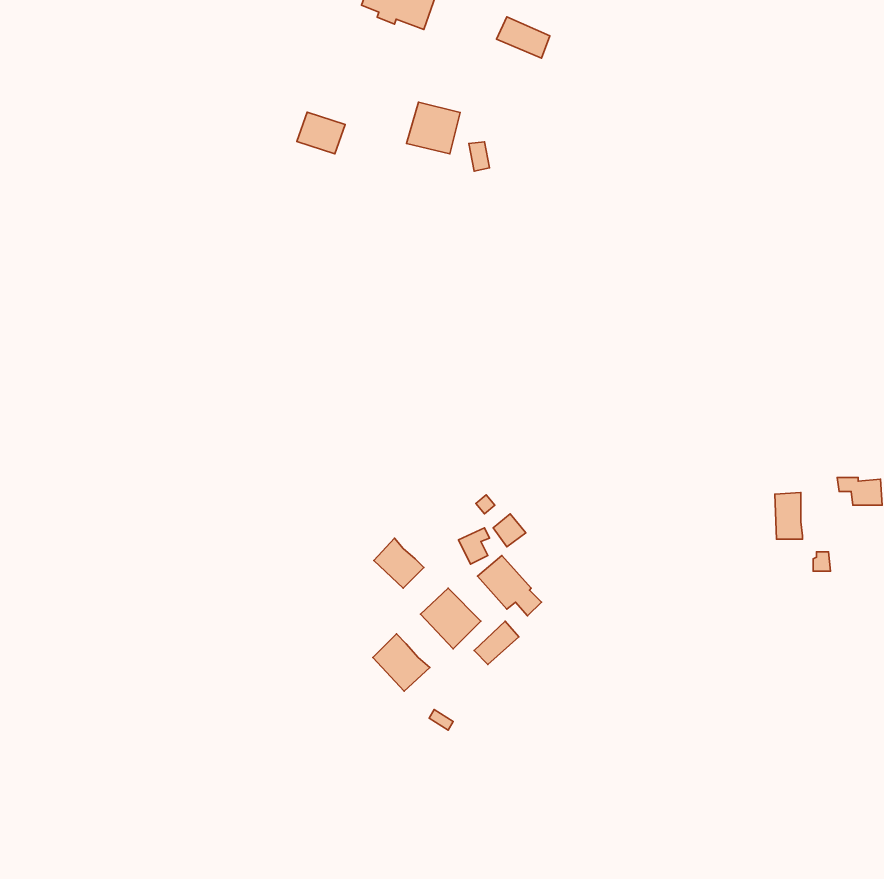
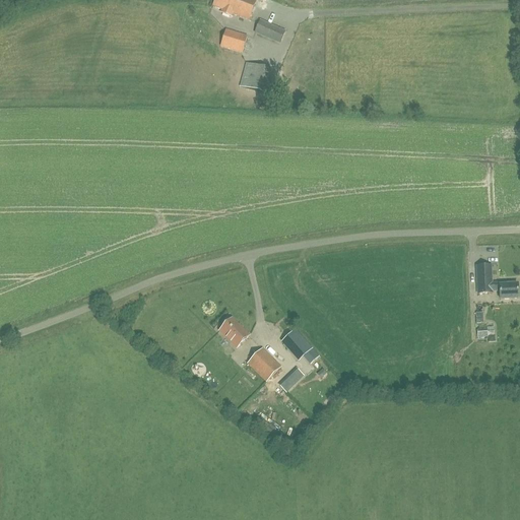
building: [496,17,550,58] -> [254,16,285,41]
building: [297,112,345,154] -> [219,26,248,51]
building: [775,493,803,539] -> [476,263,493,290]
building: [373,634,430,691] -> none

